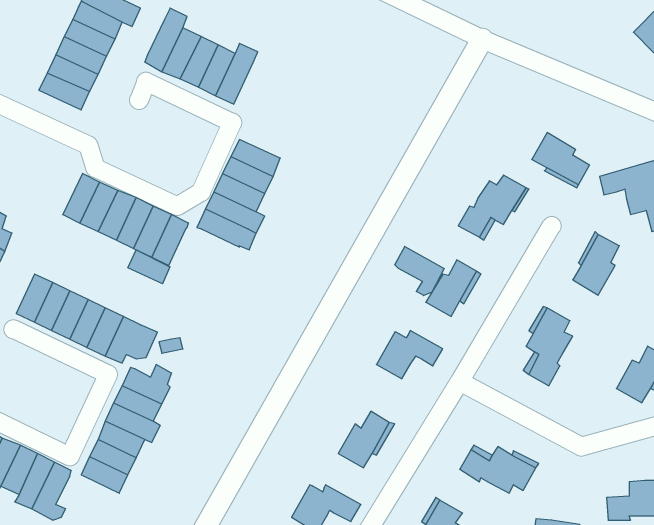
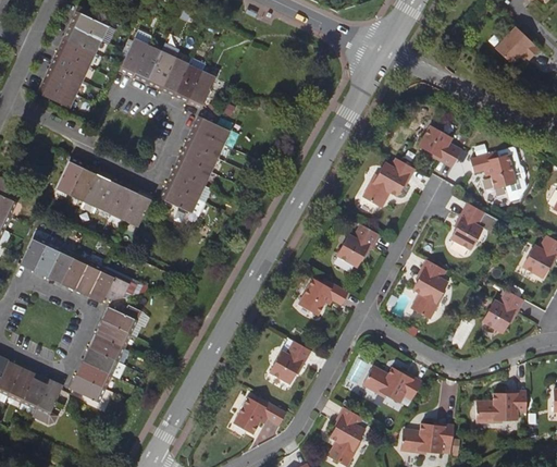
building: none -> [187,71,216,110]
building: none -> [191,116,230,145]
building: [395,246,444,296] -> none
building: [128,250,170,284] -> none

